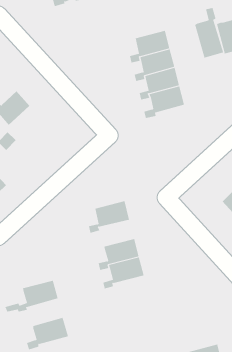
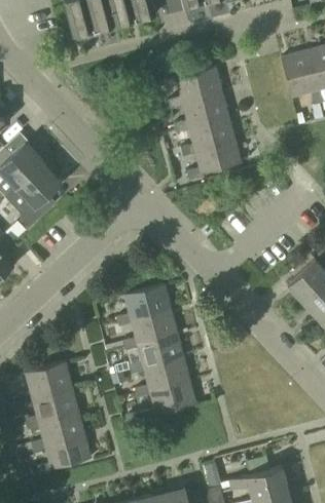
building: [195,7,224,59] -> none
building: none -> [15,163,61,228]
building: none -> [123,309,177,350]
building: none -> [19,361,73,404]
building: none -> [142,380,195,421]
building: none -> [32,410,85,451]

